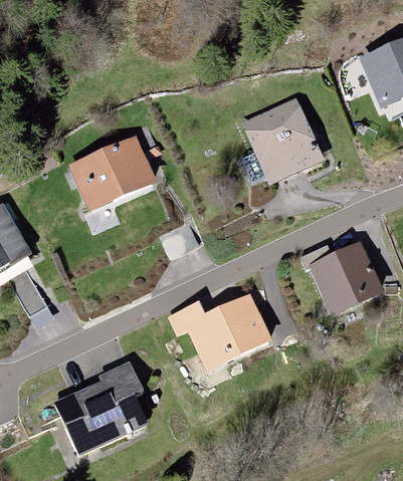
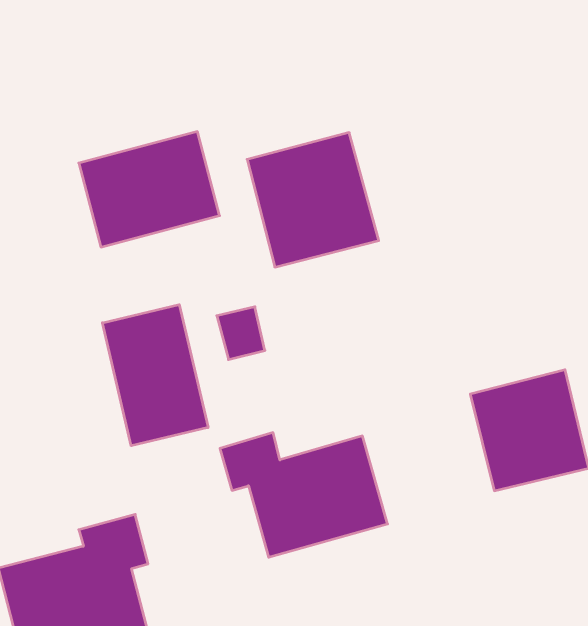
building: [243,103,325,186] -> [247,133,379,267]
building: none -> [102,305,208,446]

